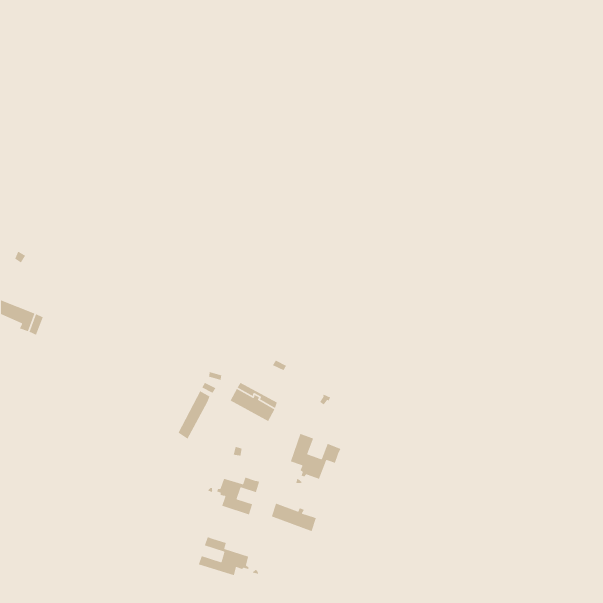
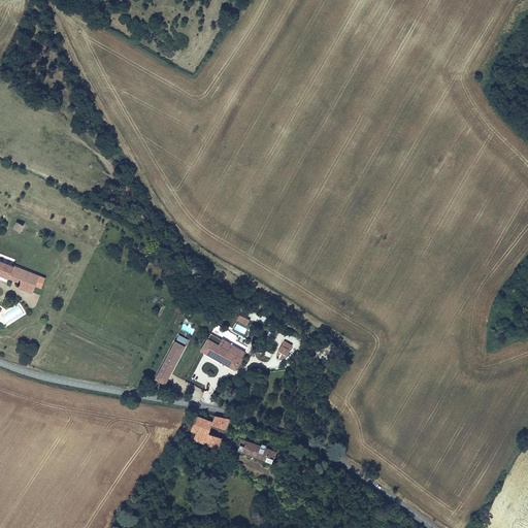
building: [290,433,341,484] -> none
building: [198,536,259,576] -> none

